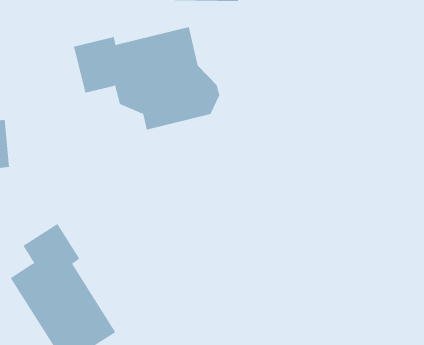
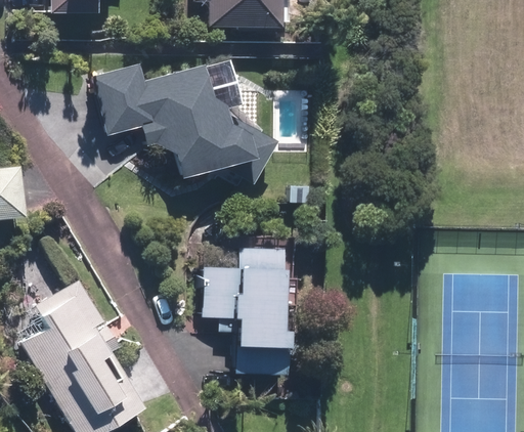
building: none -> [202,244,296,376]

